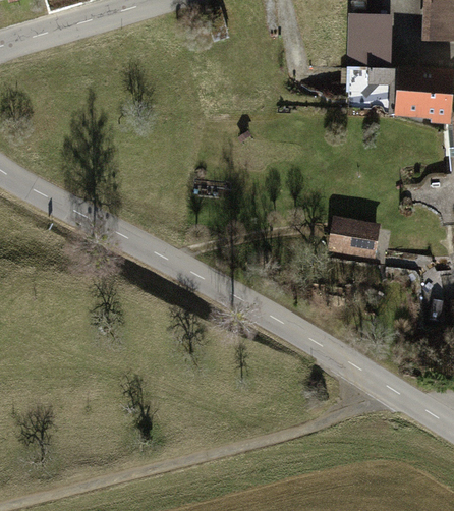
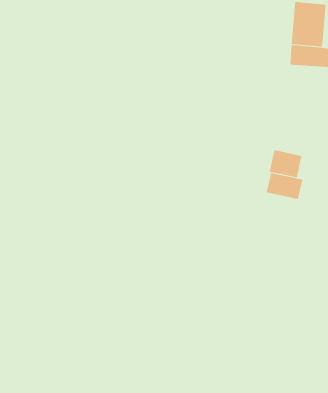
building: none -> [269,149,302,178]

